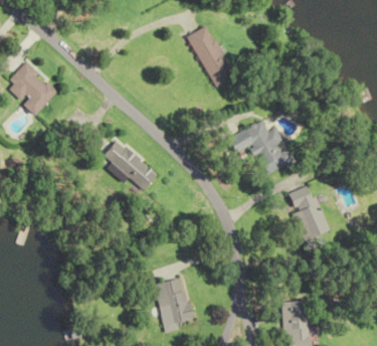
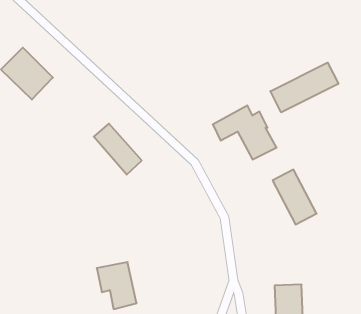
building: [185,25,229,86] -> none
building: none -> [270,63,338,112]
building: [151,278,191,325] -> [97,262,137,309]

